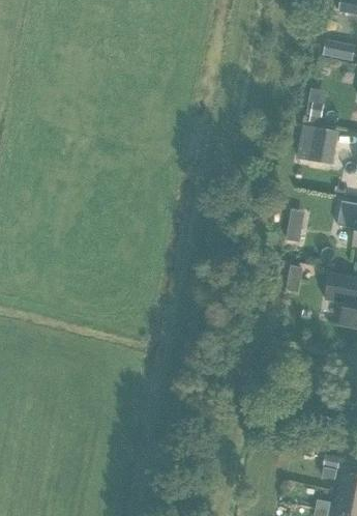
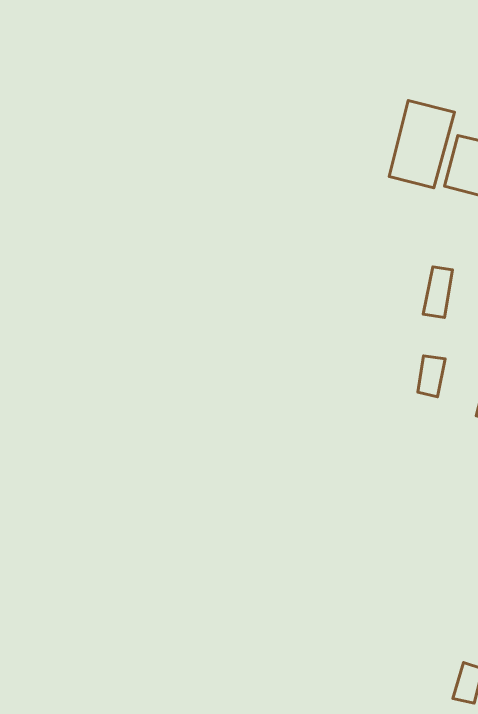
building: none -> [389,100,454,188]

